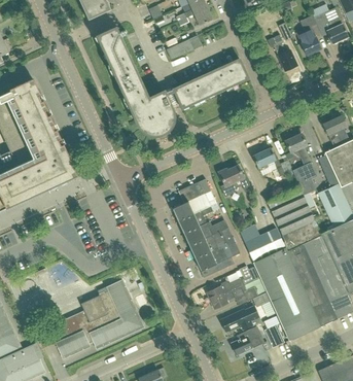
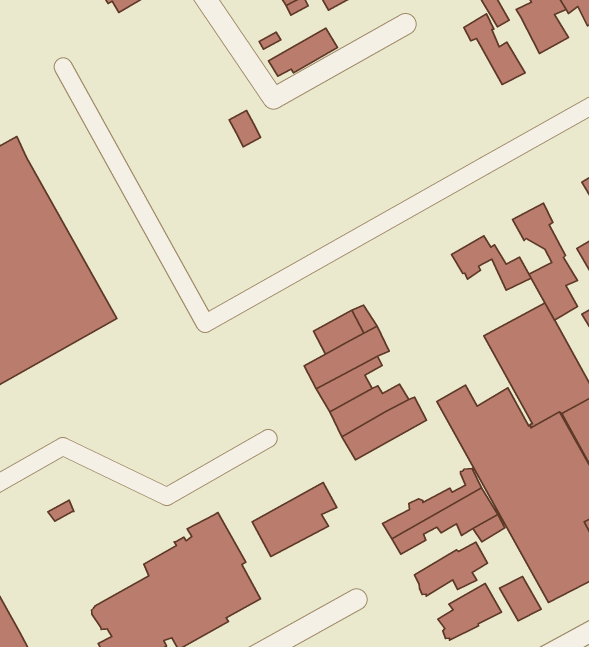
building: [97,27,248,135] -> none
building: [217,165,250,195] -> none
building: [195,241,239,277] -> [252,482,337,556]

